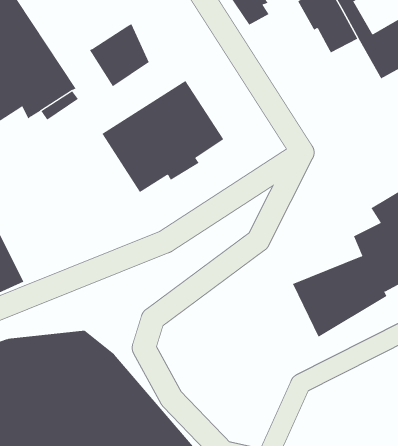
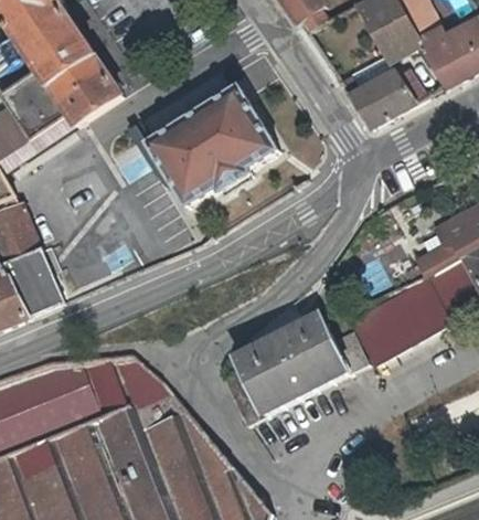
building: [89,24,149,87] -> none
building: none -> [341,53,418,127]
building: none -> [225,312,375,425]

